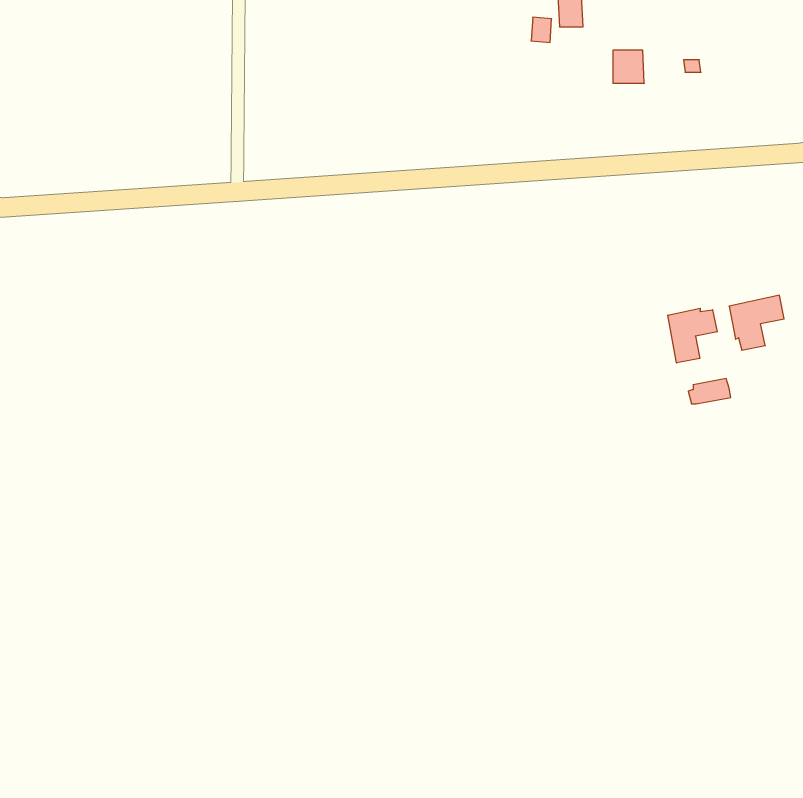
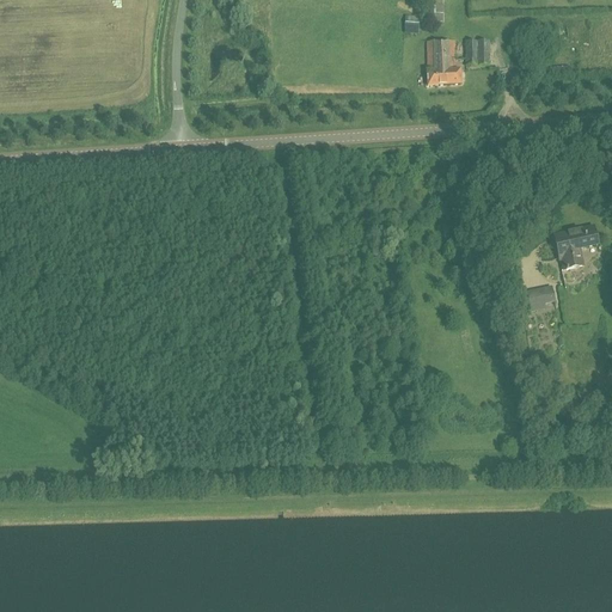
building: none -> [427,38,461,84]
building: [668,308,717,363] -> none

